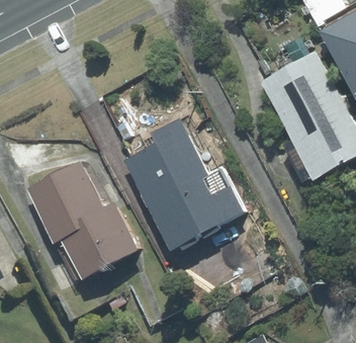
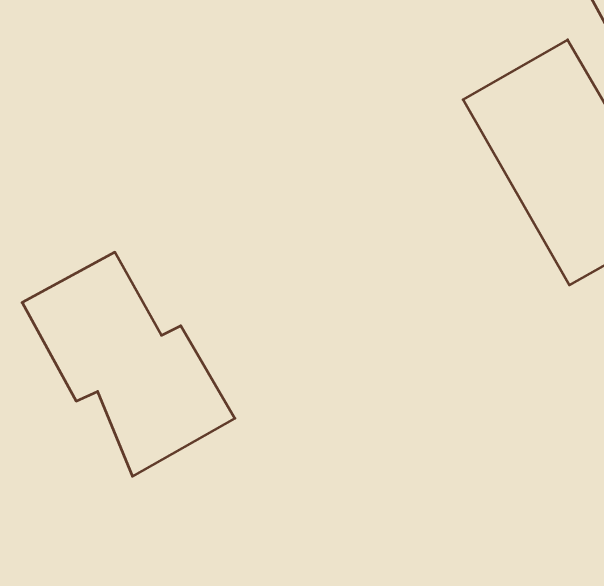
building: [118,126,245,252] -> none

